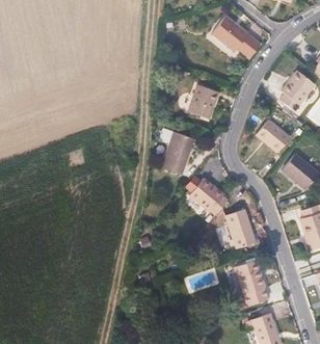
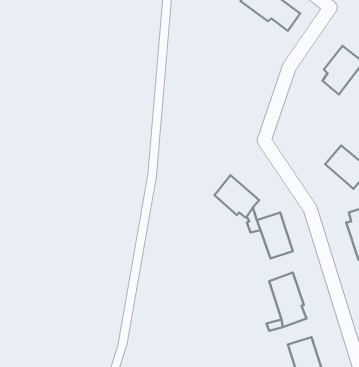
building: [189,83,218,117] -> none
building: [256,118,290,152] -> none
building: [162,130,193,171] -> none

